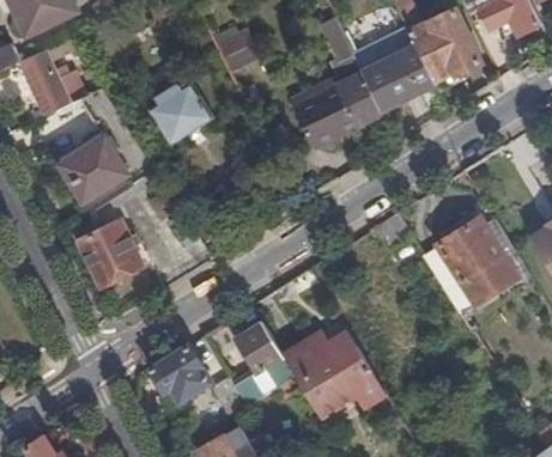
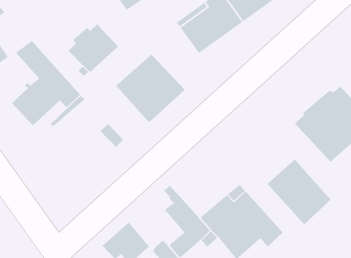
building: none -> [115,53,185,123]
building: [78,223,141,288] -> none
building: none -> [267,159,332,225]

